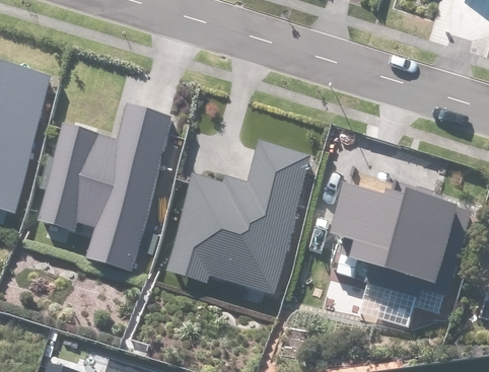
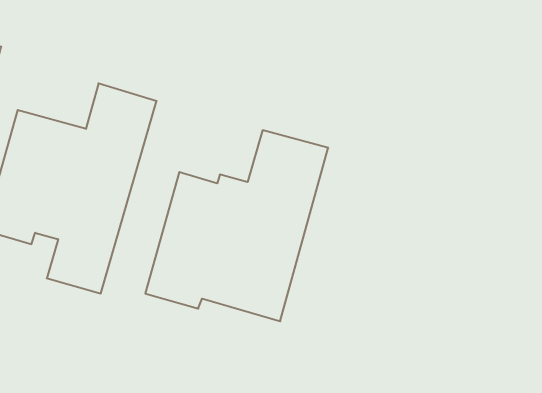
building: [329,180,474,284] -> none

